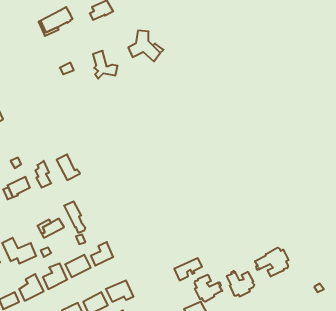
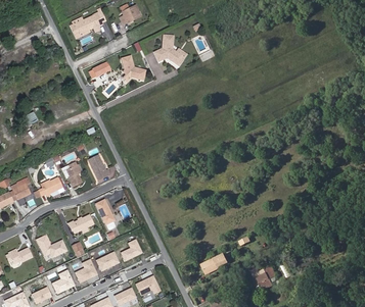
building: [255,248,289,277] -> none
building: [195,275,222,302] -> none

